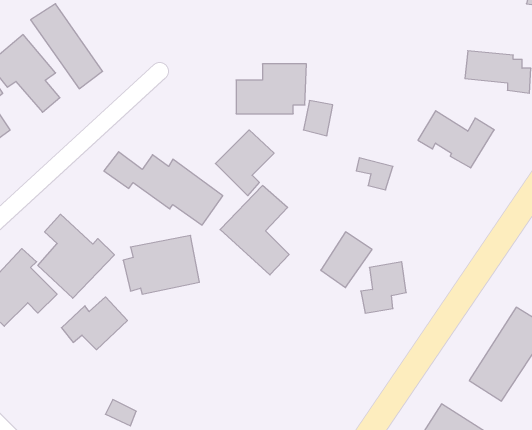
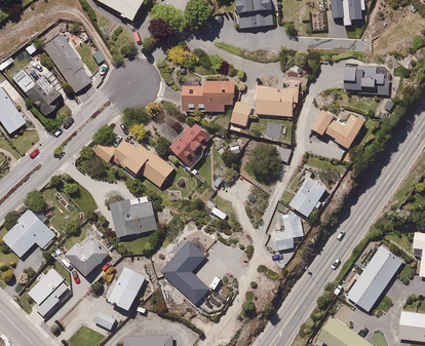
building: none -> [256,86,299,117]
building: [220,186,289,275] -> [159,242,207,305]
building: [38,214,114,298] -> none
building: [321,232,372,288] -> [288,179,324,218]
building: none -> [108,266,147,312]
building: none -> [27,268,69,316]

